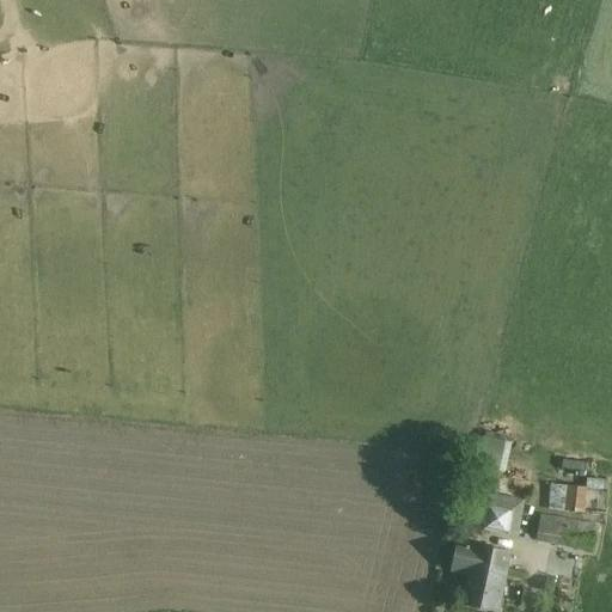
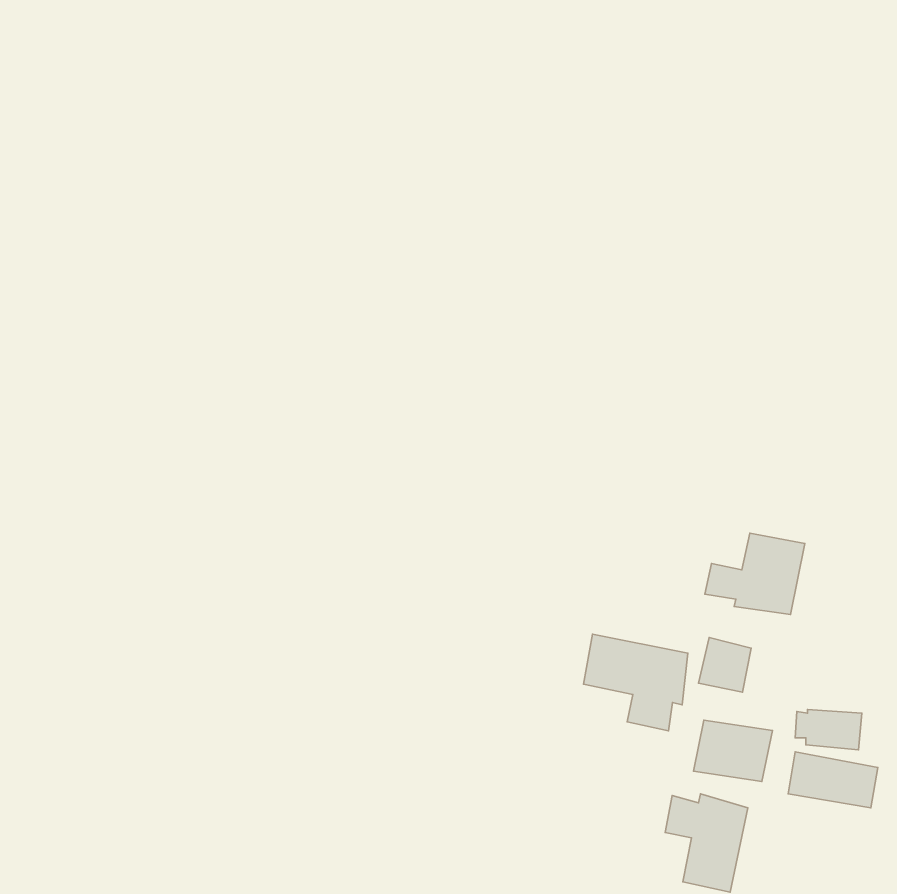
building: none -> [705,533,805,614]
building: none -> [583,634,688,731]

